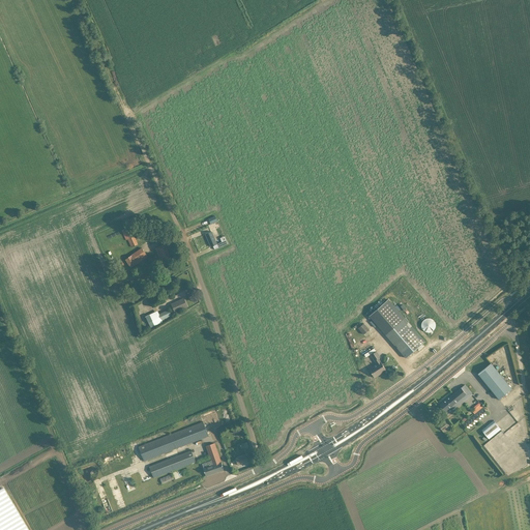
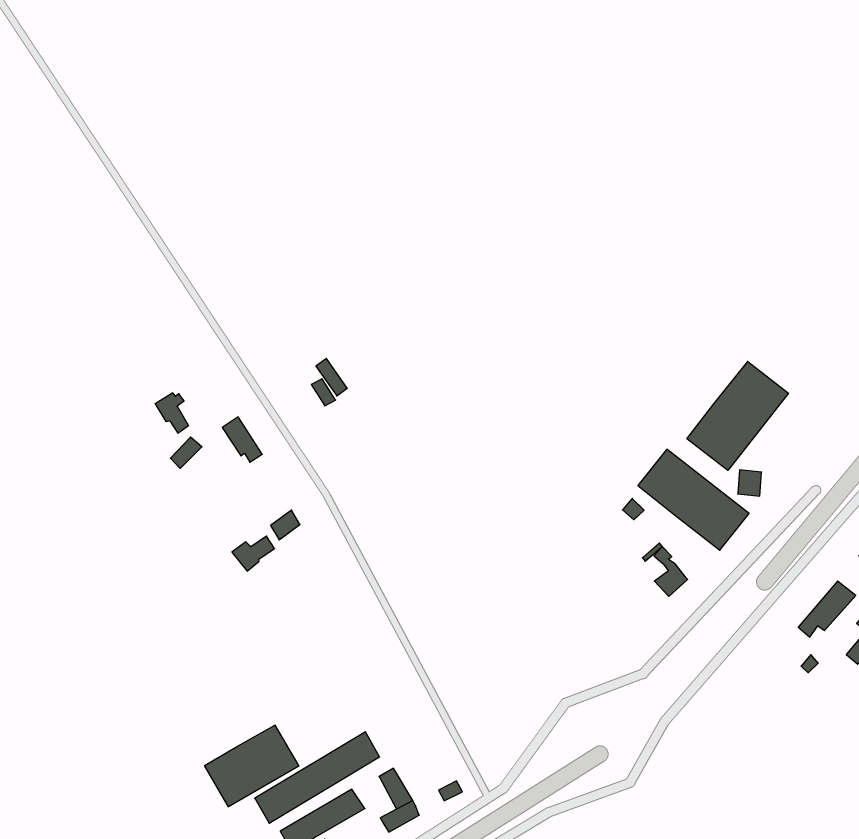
building: none -> [687,361,788,470]
building: none -> [205,725,299,807]

